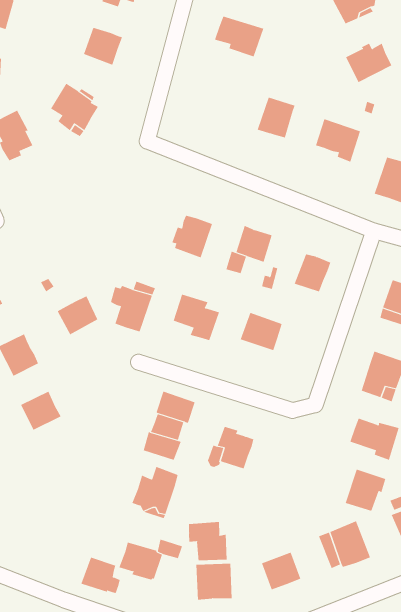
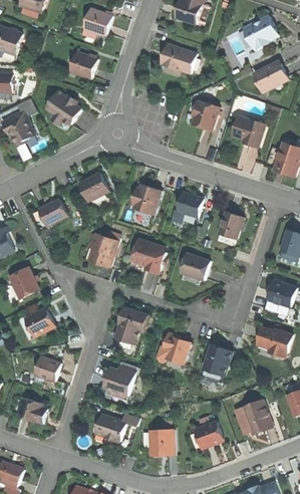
building: none -> [78,172,108,201]
building: [57,295,98,335] -> [37,198,66,226]
building: none -> [33,355,59,381]
building: [345,469,386,512] -> [202,343,231,374]
building: [189,521,227,561] -> none
building: [81,557,121,594] -> [16,397,44,423]

